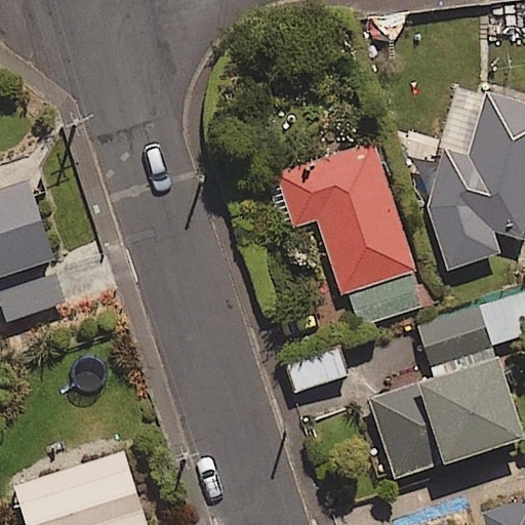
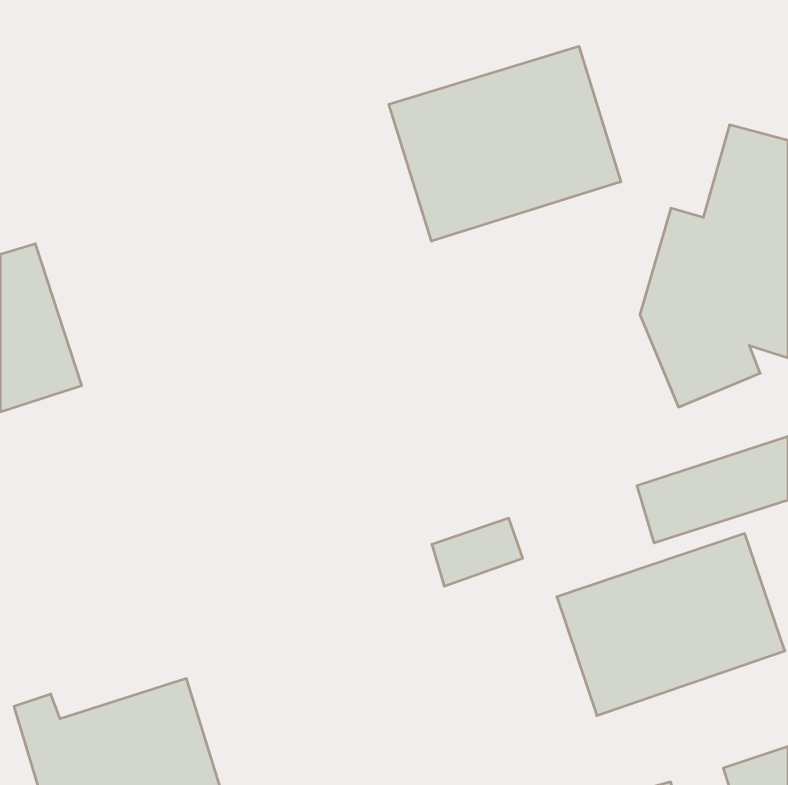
building: none -> [389,46,621,241]
building: [277,144,425,325] -> none

